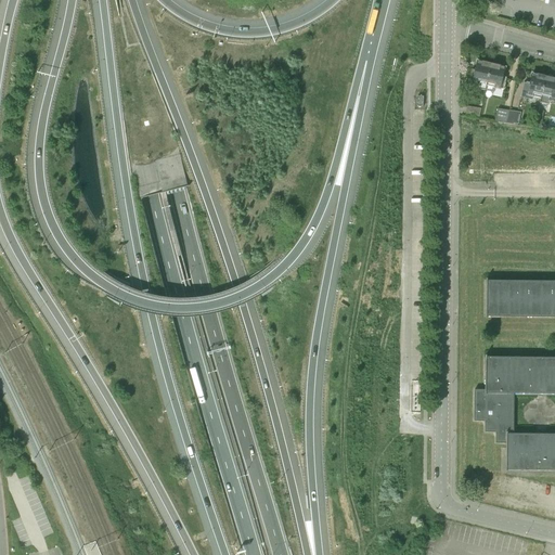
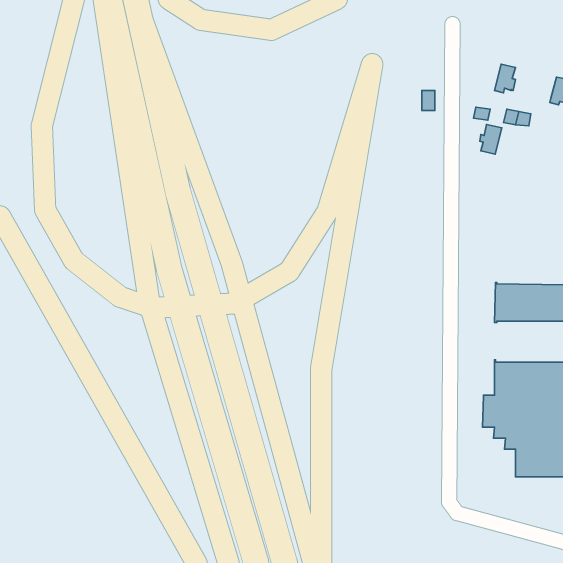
building: [472,60,493,89] -> [480,124,502,154]
building: [522,72,547,99] -> none

